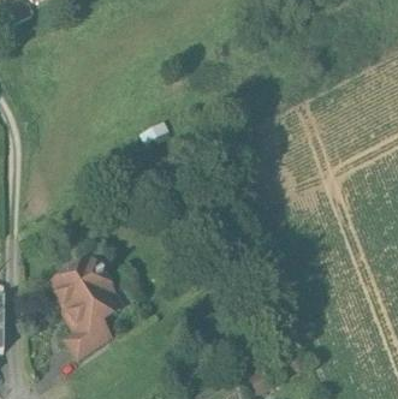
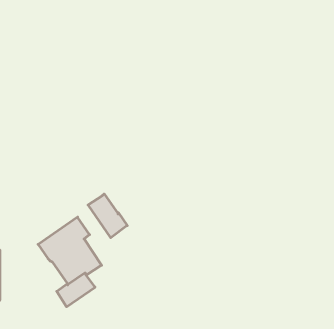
building: none -> [88,194,127,238]

